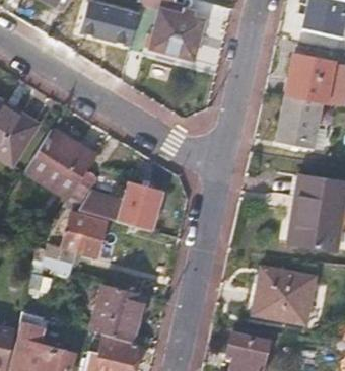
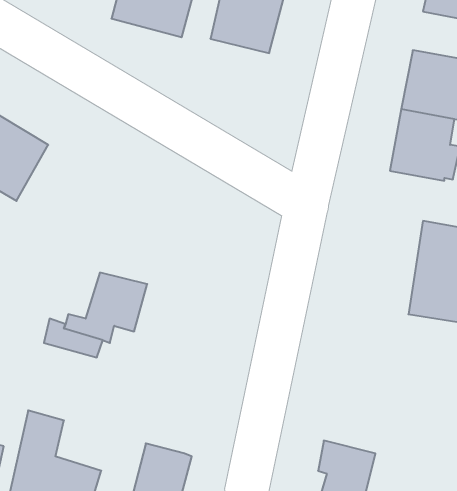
building: [25,127,94,197] -> none
building: [81,182,163,230] -> none
building: [257,269,314,322] -> none
building: [91,282,146,341] -> none

